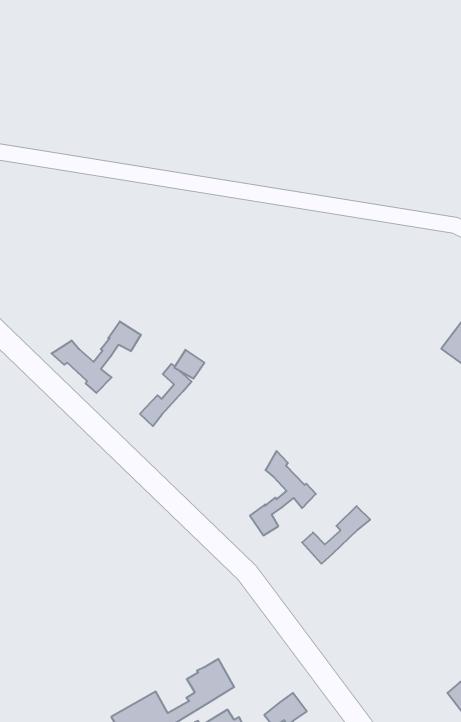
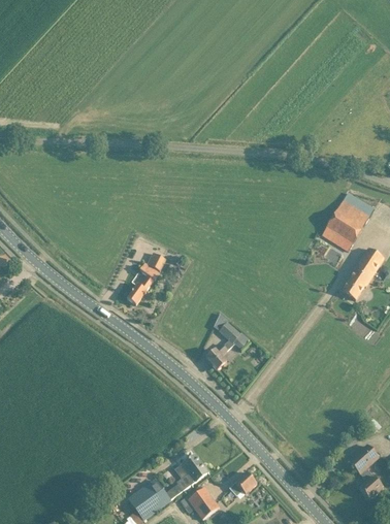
building: [51,321,141,393] -> none
building: [302,506,370,564] -> none

